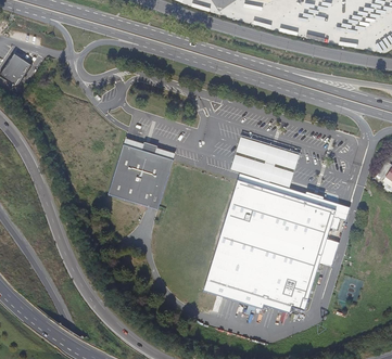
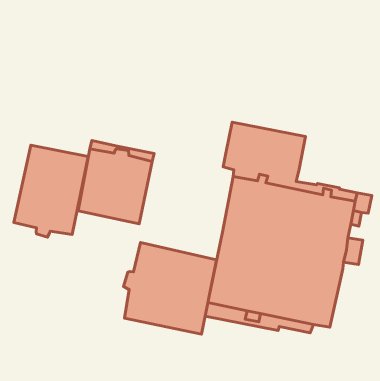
building: none -> [14,145,88,237]
building: none -> [124,243,216,334]

